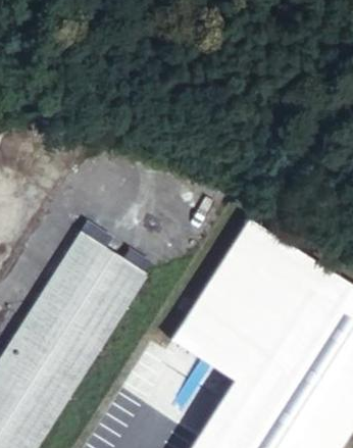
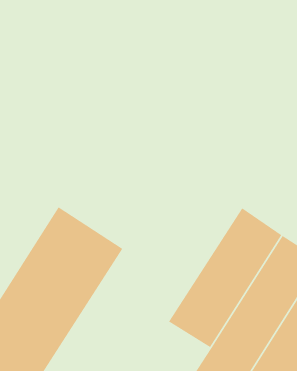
building: [175,219,271,351] -> none

